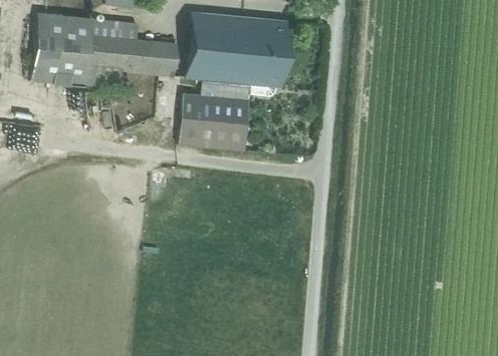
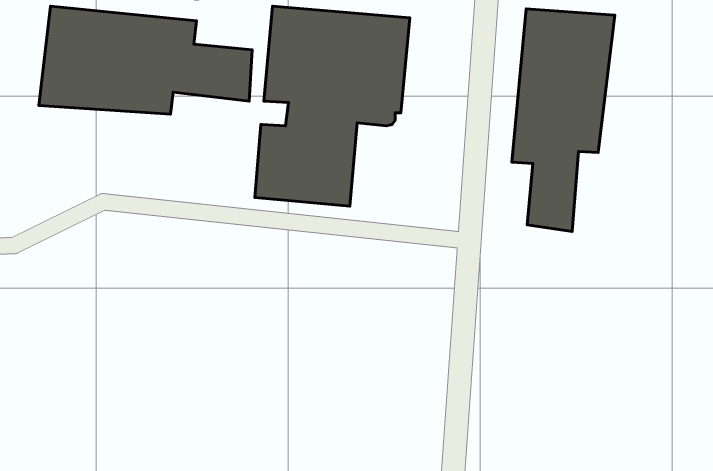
building: none -> [512,9,615,231]

